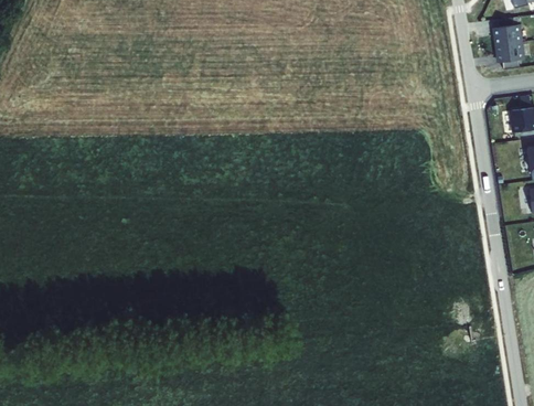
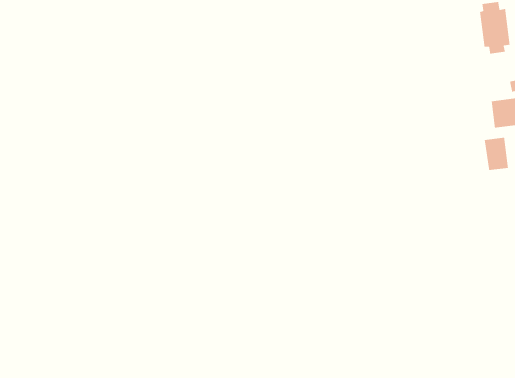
building: none -> [484,137,509,171]

